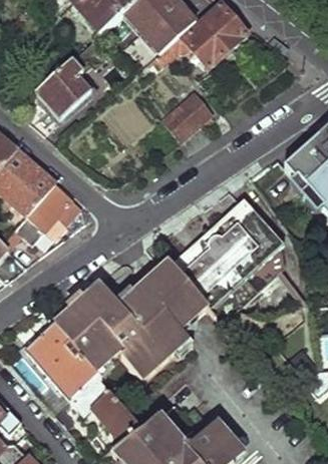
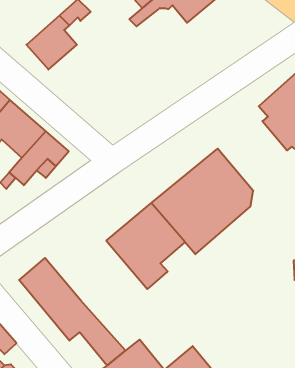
building: [161,93,208,136] -> none
building: [52,283,165,378] -> none

